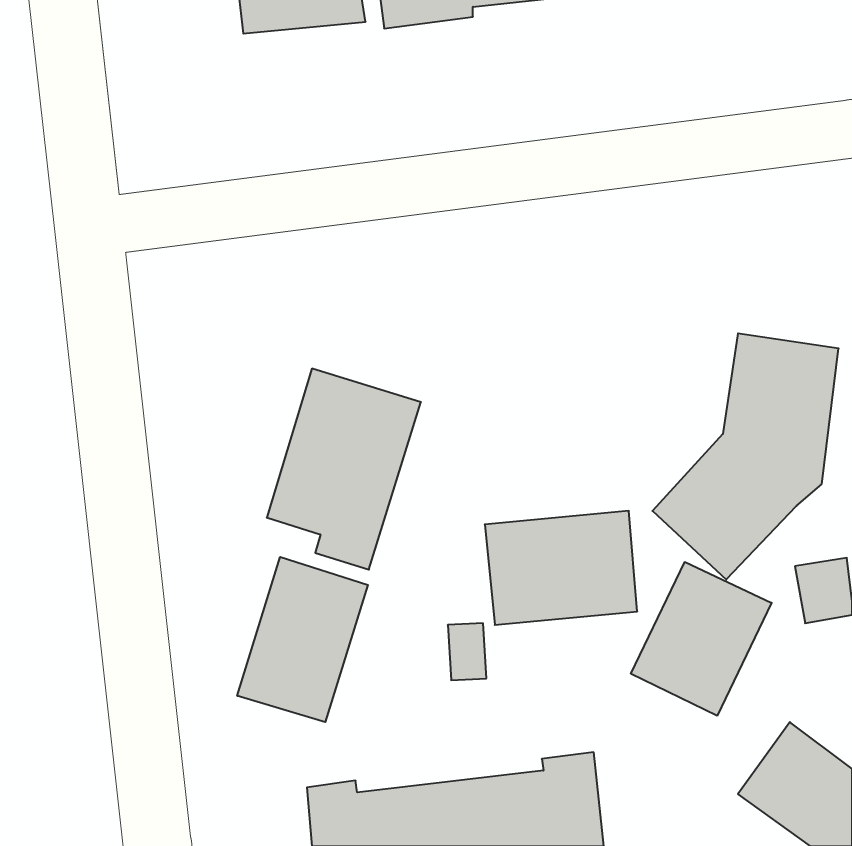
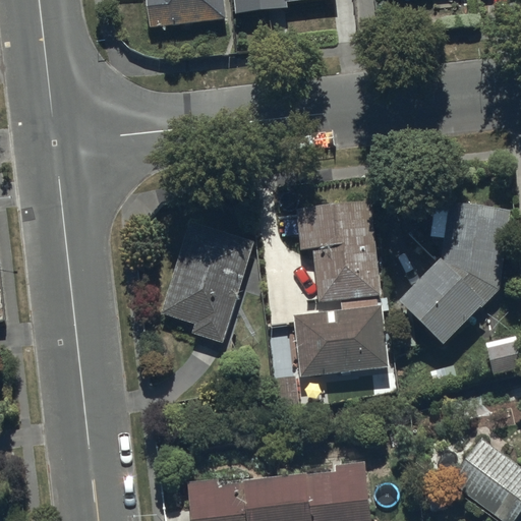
building: none -> [296,205,380,307]
building: [237,557,368,722] -> none
building: [631,562,772,716] -> none

